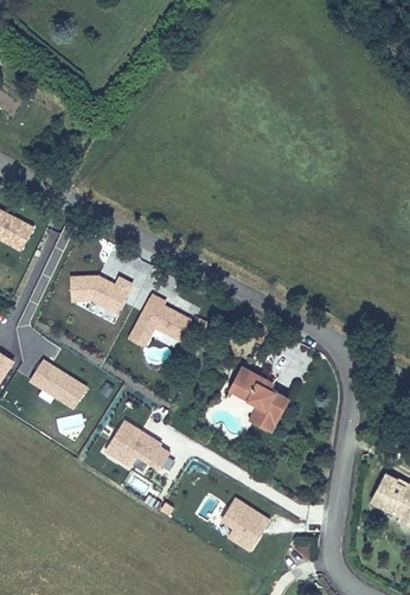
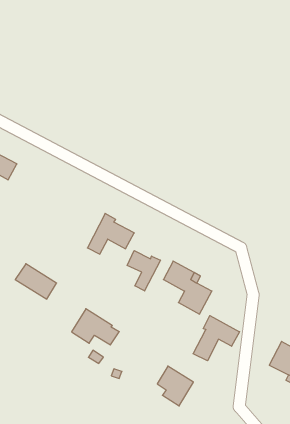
building: [71,276,133,314] -> none
building: none -> [127,251,160,291]
building: none -> [193,316,240,361]

